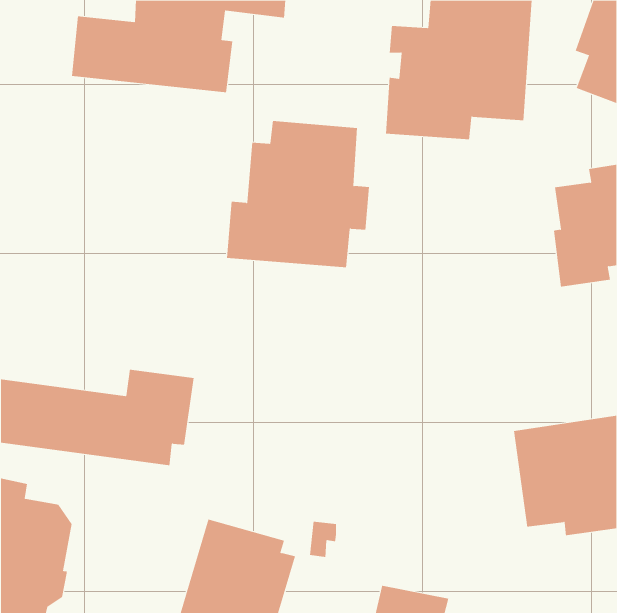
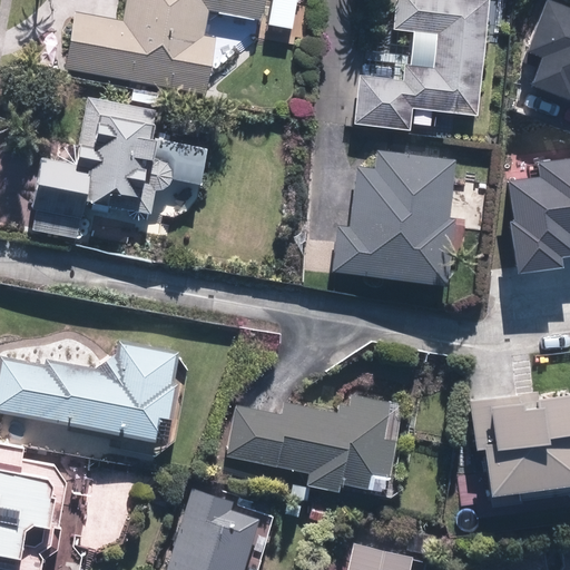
building: none -> [31,98,207,238]
building: [226,120,370,268] -> [333,148,465,284]
building: none -> [225,393,402,494]

